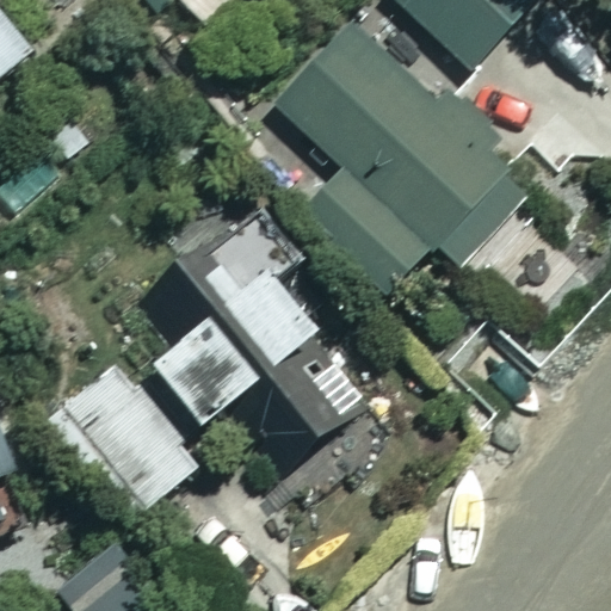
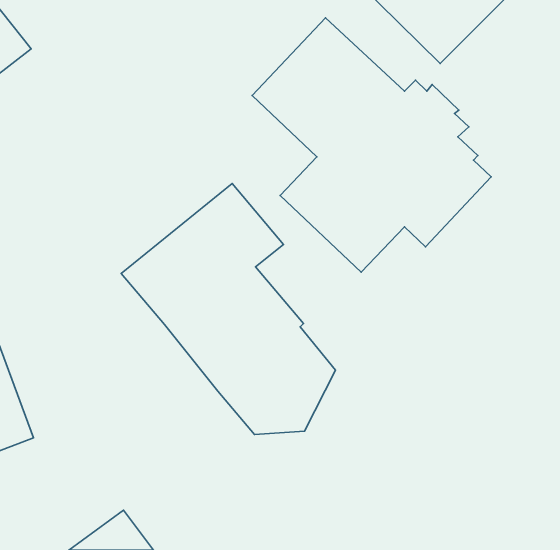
building: [48,348,234,516] -> none

